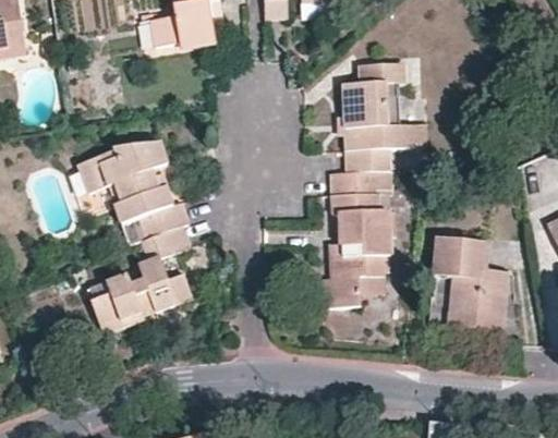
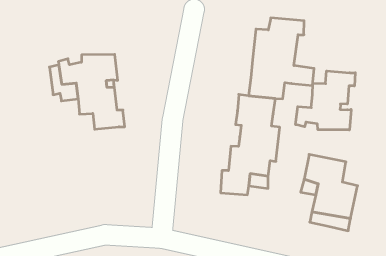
building: none -> [296,71,355,130]
building: [82,235,185,331] -> none

